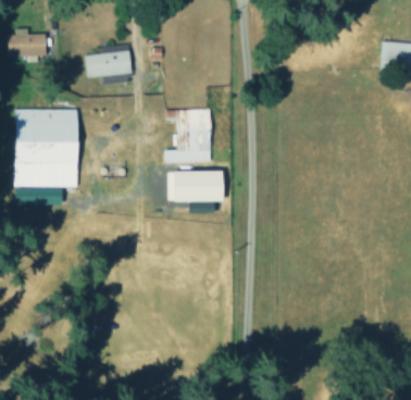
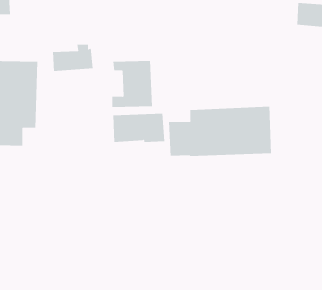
building: [85,46,133,77] -> [52,44,94,71]
building: none -> [169,106,271,157]

